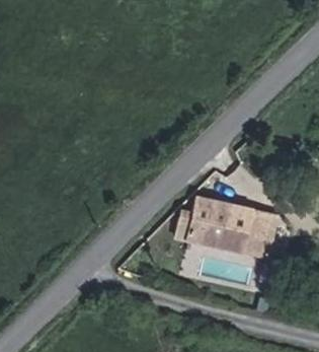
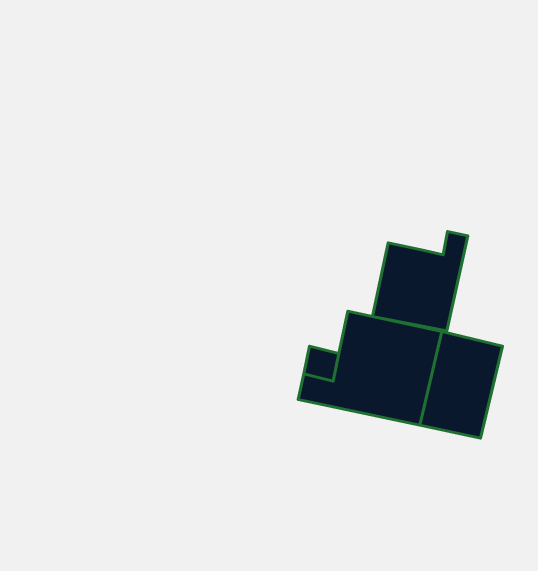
building: none -> [372,231,468,331]

